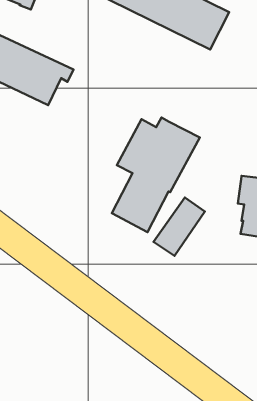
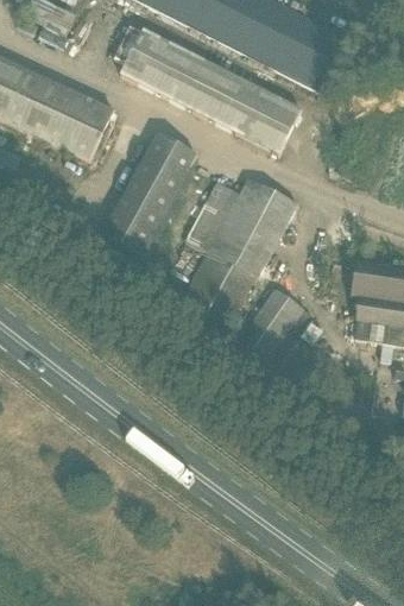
building: none -> [120,31,299,153]
building: none -> [101,133,195,258]

